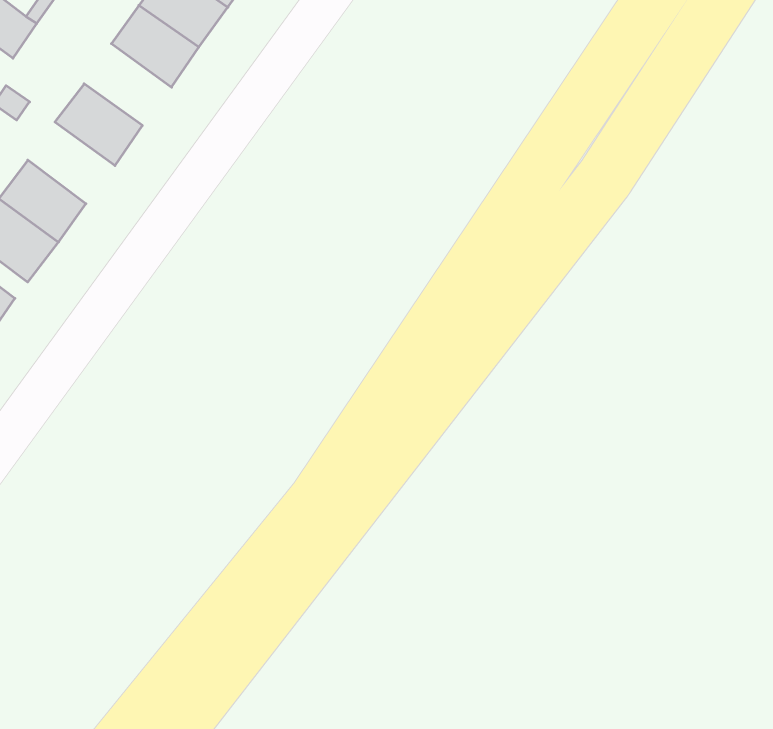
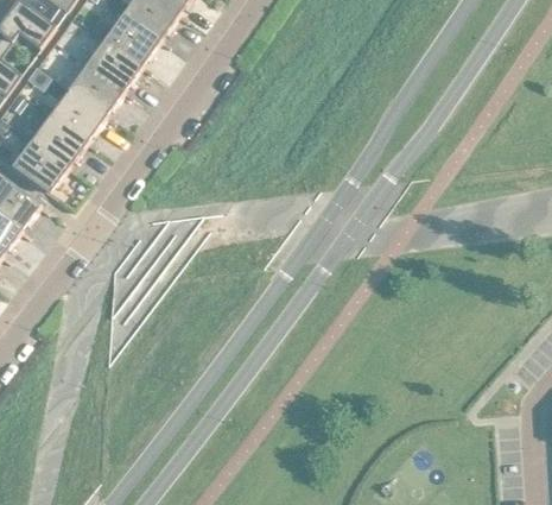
building: none -> [85,37,142,90]
building: none -> [49,88,106,141]

